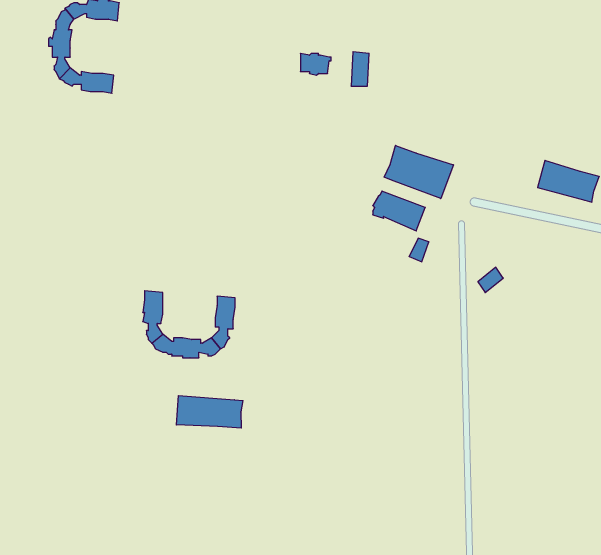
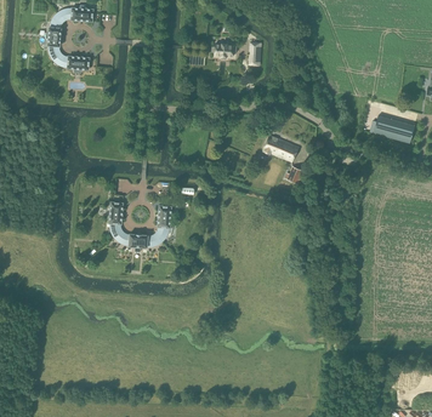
building: [384,145,453,199] -> none
building: [176,396,243,428] -> none

